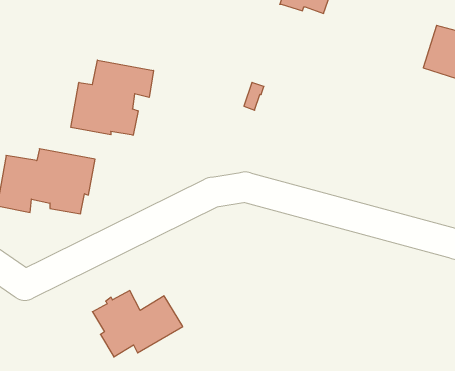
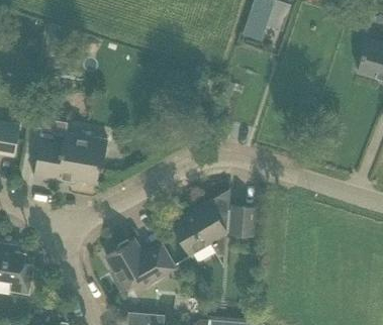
building: [71,60,153,135] -> none
building: none -> [173,191,255,257]

